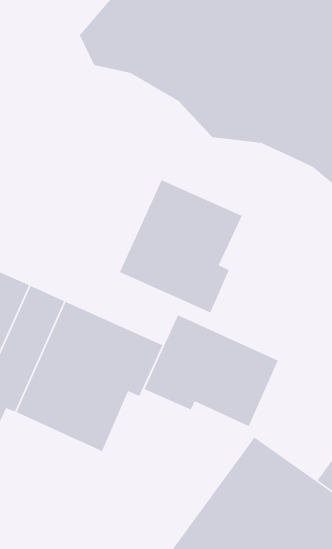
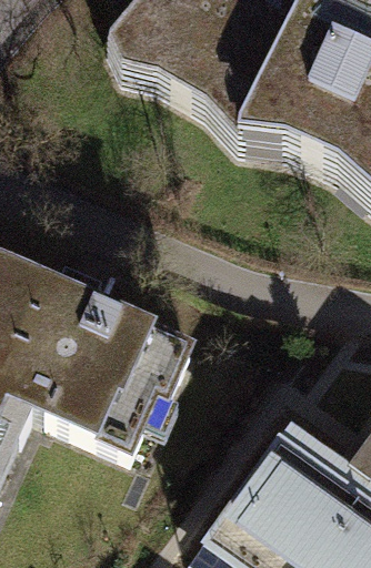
building: [119,179,243,314] -> none
building: [144,314,279,427] -> none

